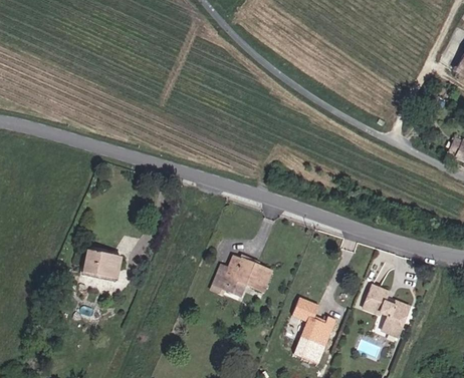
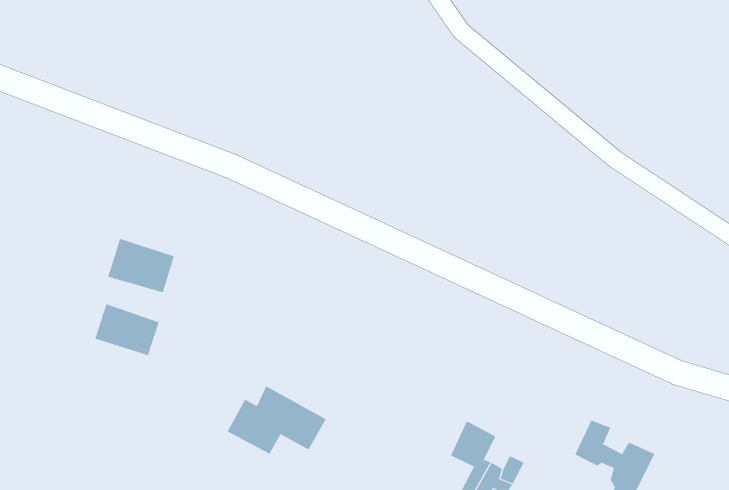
building: none -> [107,238,175,293]
building: [214,259,270,298] -> [227,386,327,454]

